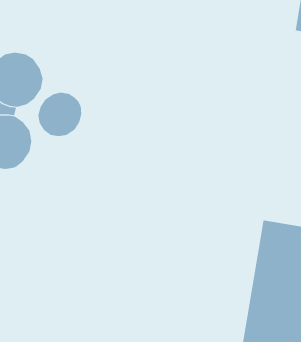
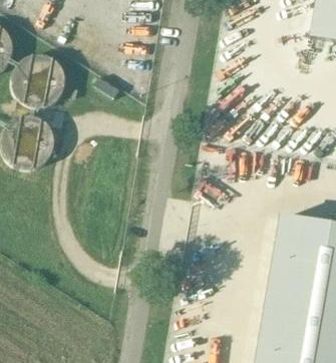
building: [38,92,82,137] -> none

